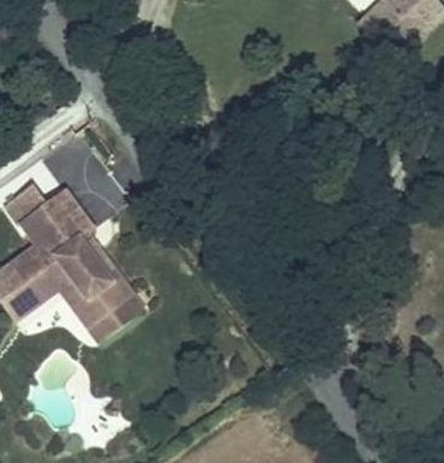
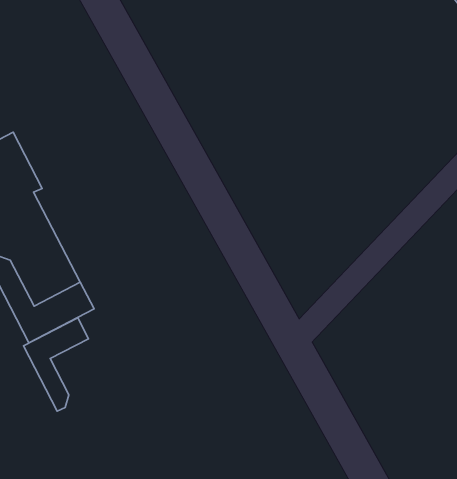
building: none -> [23,318,88,411]

